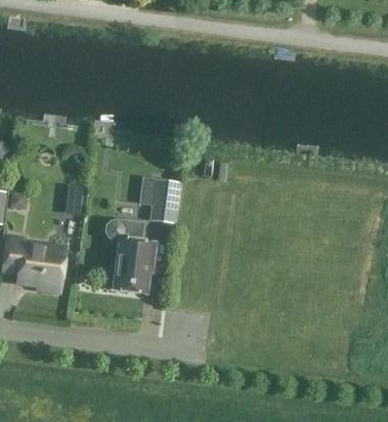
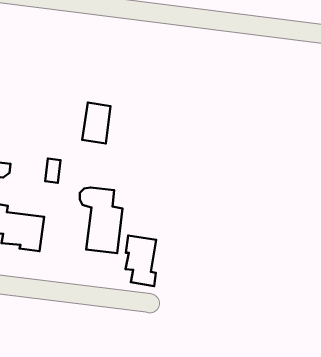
building: [148,177,180,223] -> [82,103,111,144]
building: none -> [126,235,156,286]

